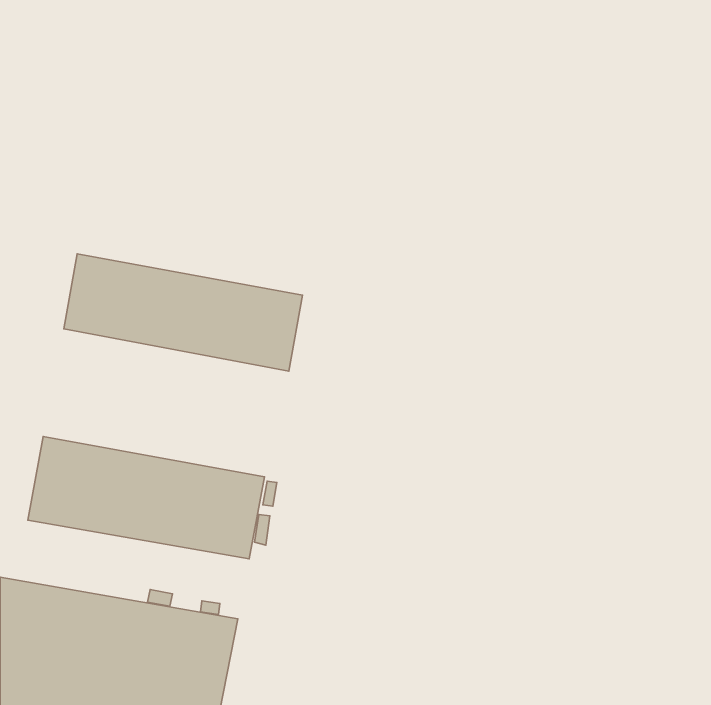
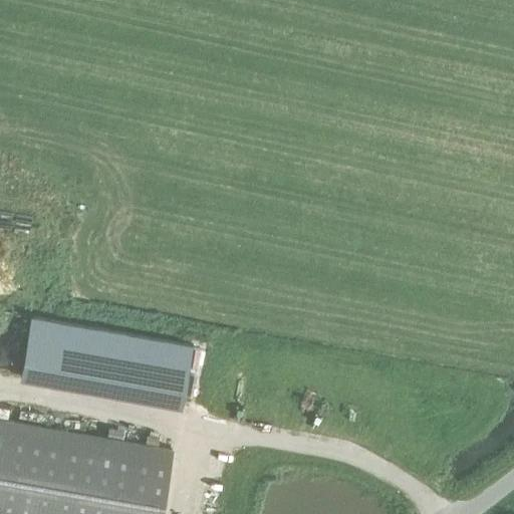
building: [64,254,303,371] -> none

